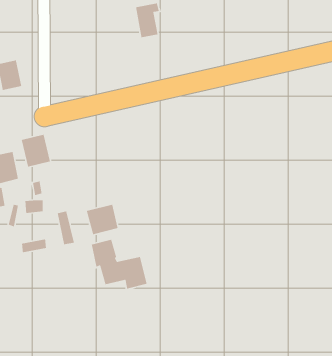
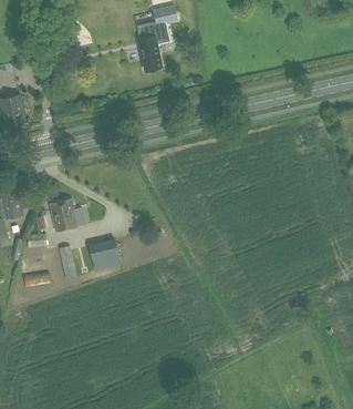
building: [21,134,51,167] -> [50,197,80,231]
building: [91,239,147,290] -> none

